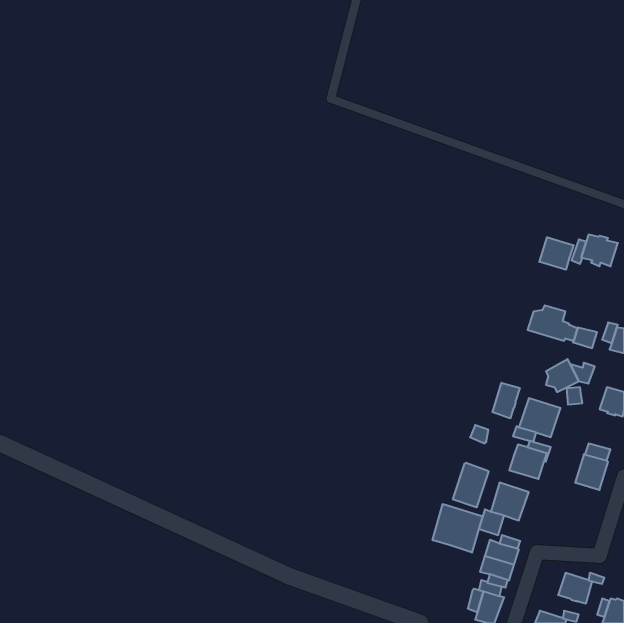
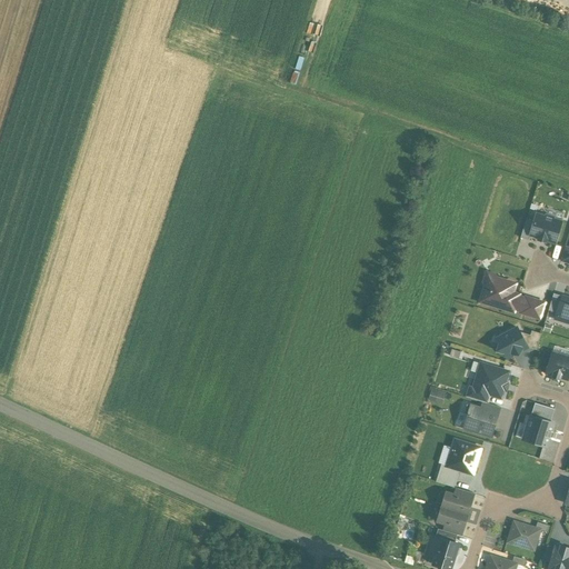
building: [539,237,574,270] -> none
building: [493,383,520,418] -> none
building: [453,463,489,507] -> none
building: [433,504,482,553] -> none

